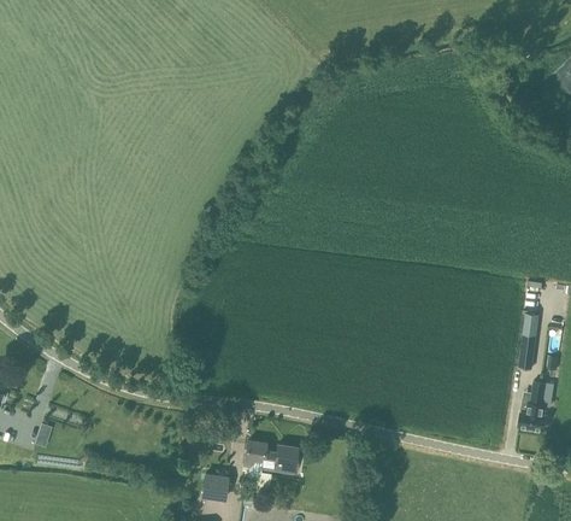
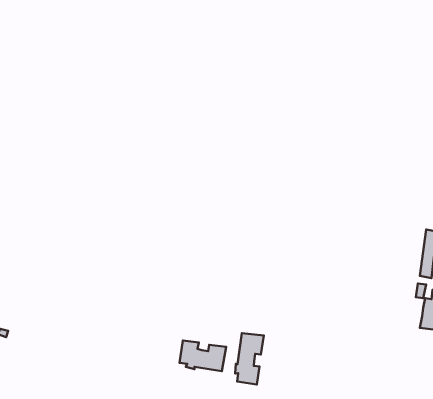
building: none -> [235,333,264,384]
building: [204,474,229,500] -> none

